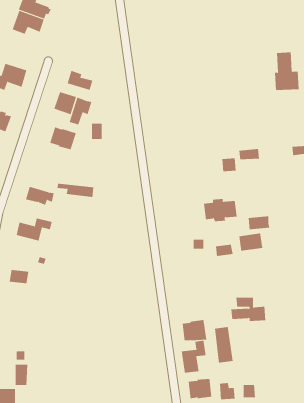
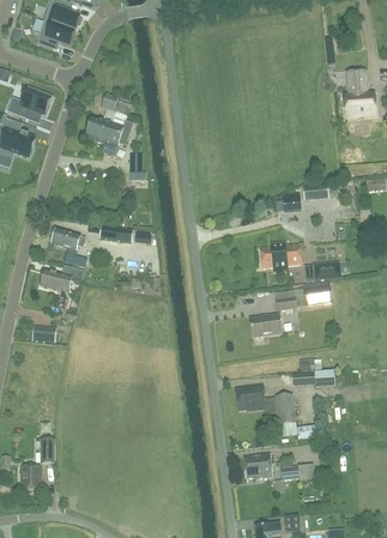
building: [49,127,76,150] -> none
building: none -> [249,313,282,337]
building: [181,340,206,374] -> none

